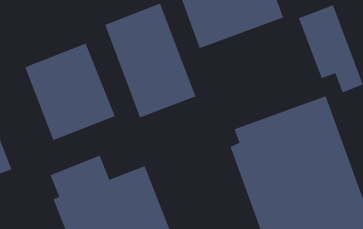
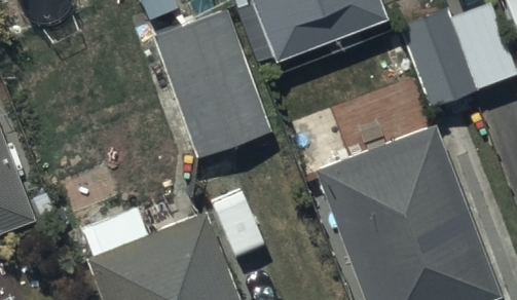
building: [24,43,116,141] -> none

